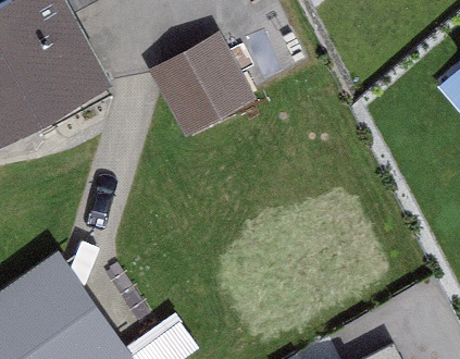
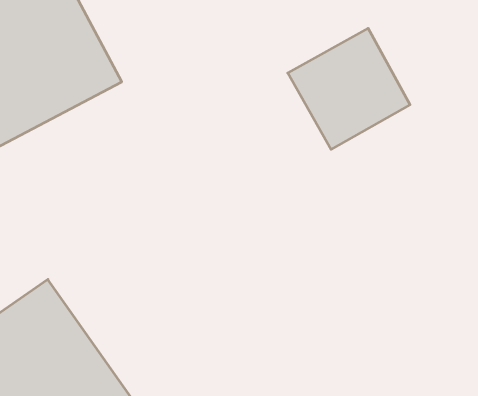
building: [147,37,251,140] -> [288,28,410,149]

